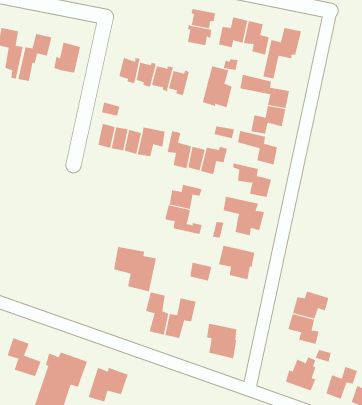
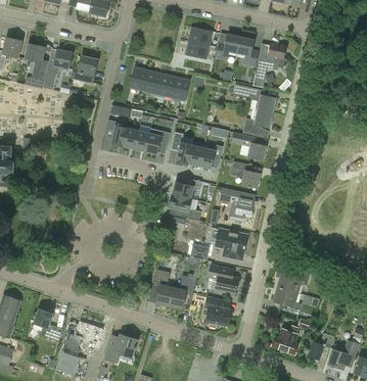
building: [202,66,232,108] -> none
building: [113,246,157,292] -> none
building: none -> [209,265,238,293]

